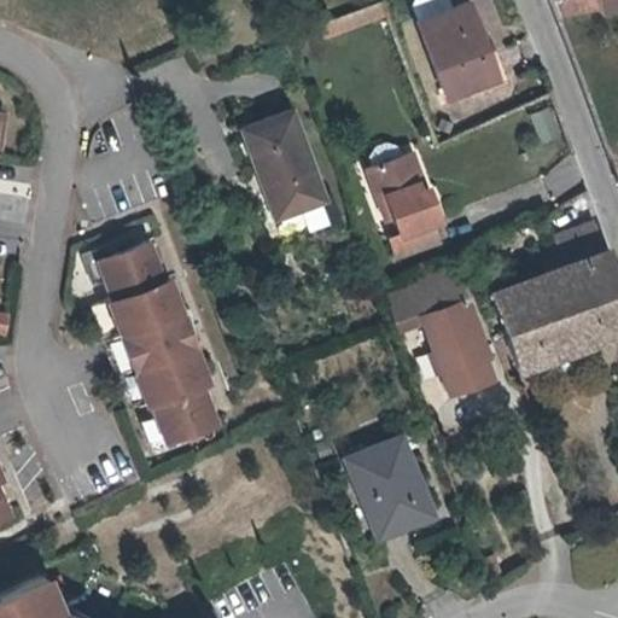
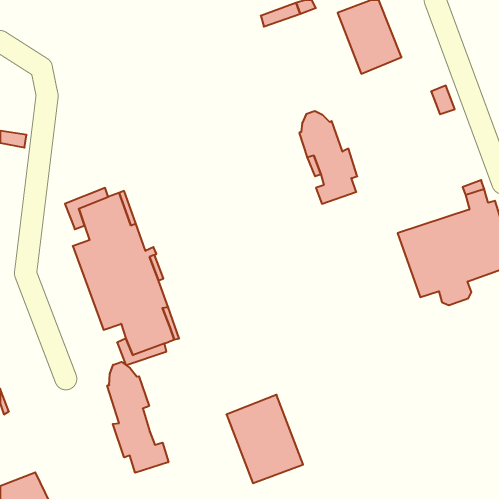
building: [249,111,327,216] -> none
building: [424,281,492,395] -> none
building: [344,437,438,546] -> [226,395,303,483]
building: none -> [107,362,168,473]

